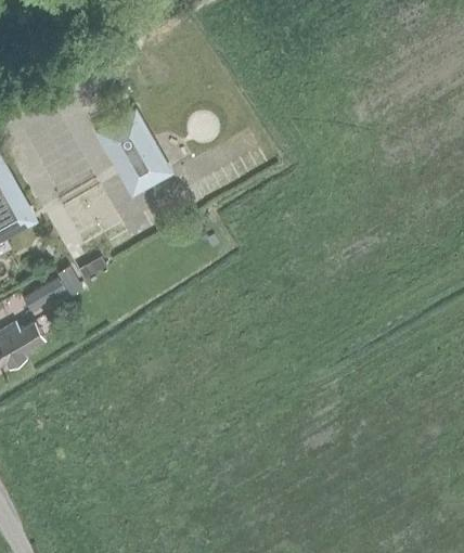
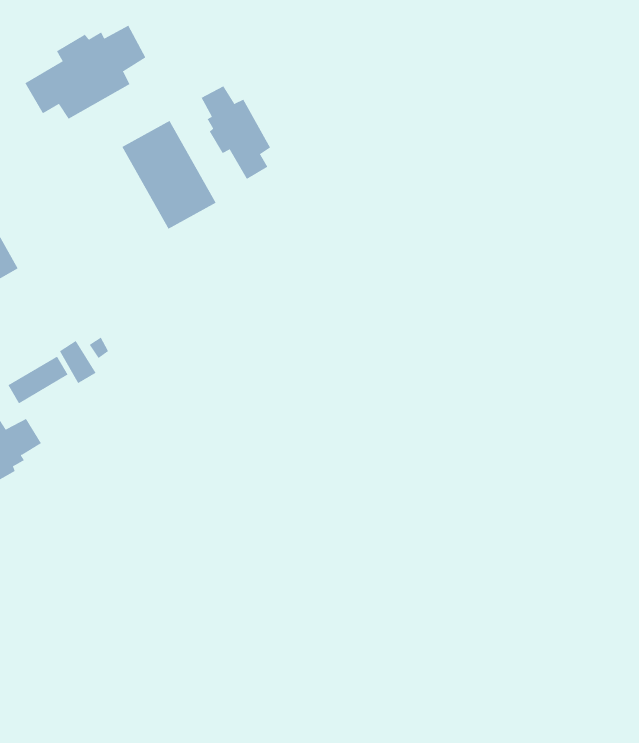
building: none -> [24,25,146,120]
building: none -> [201,85,271,180]

